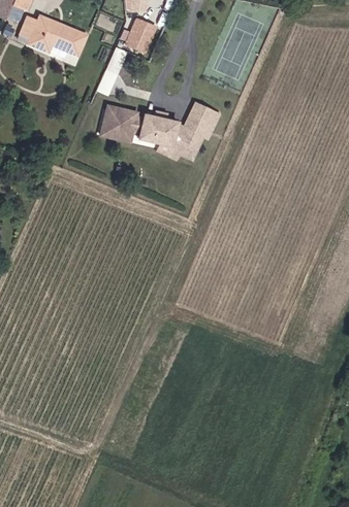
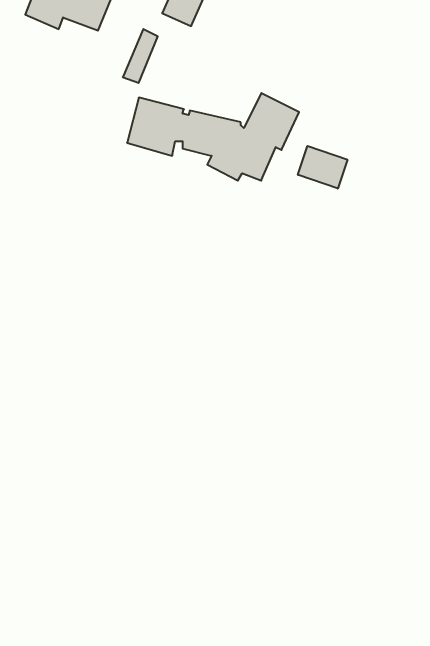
building: none -> [298,146,347,189]

